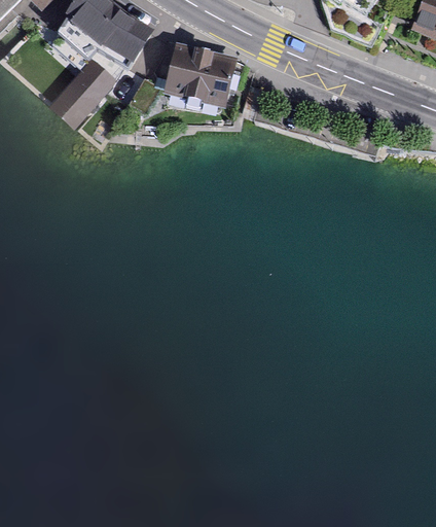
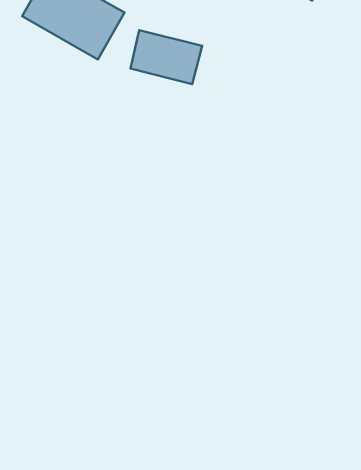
building: [54,56,114,118] -> none

